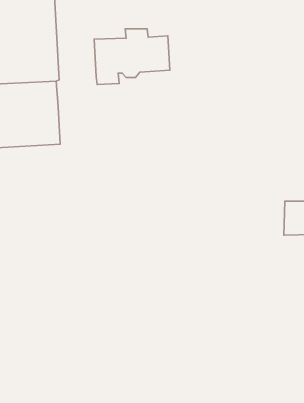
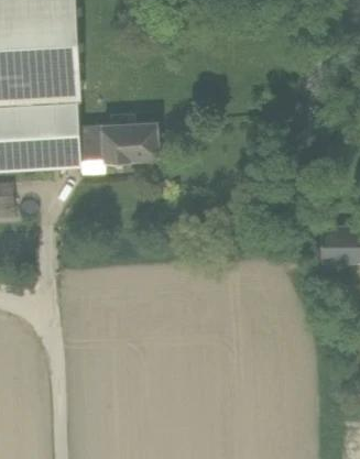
building: [94,29,170,85] -> [78,116,159,175]

